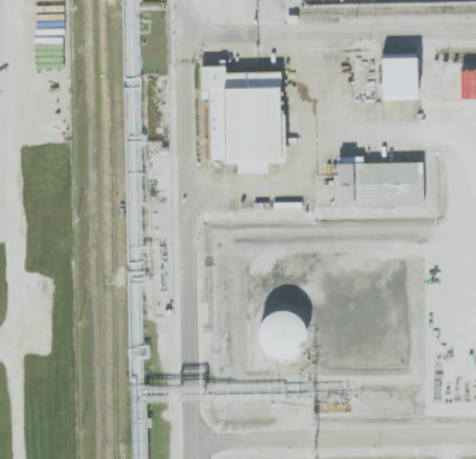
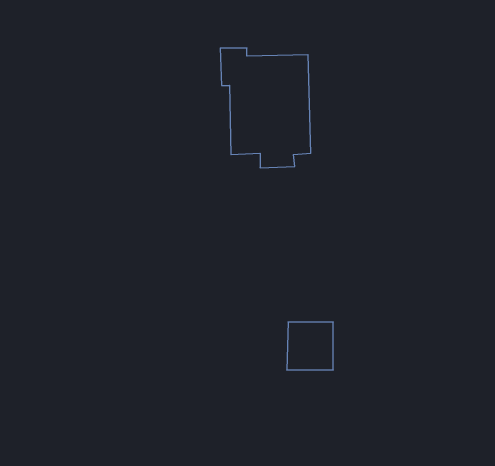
building: [382,56,418,99] -> none
building: [337,155,423,205] -> none

